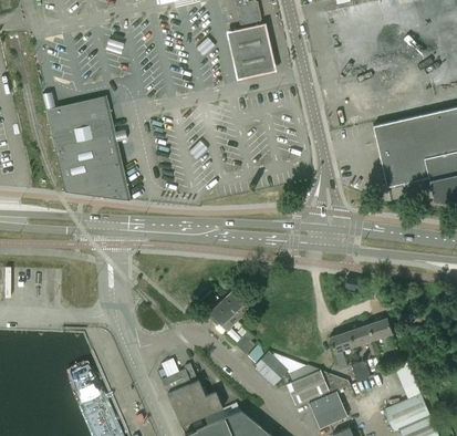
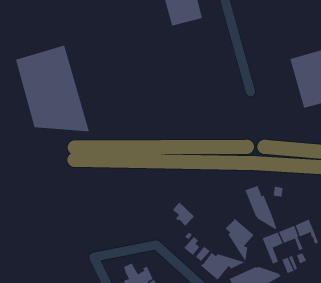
building: none -> [245,185,277,230]
building: [209,298,238,330] -> none
building: none -> [225,218,255,262]

